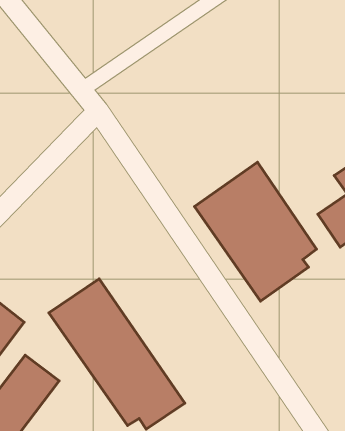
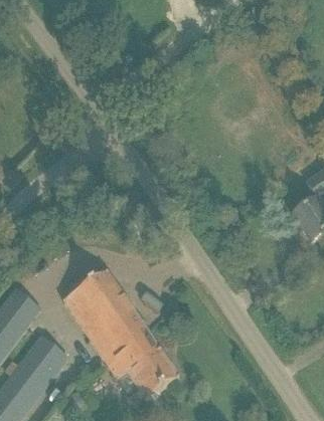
building: [194,162,317,301] -> none

